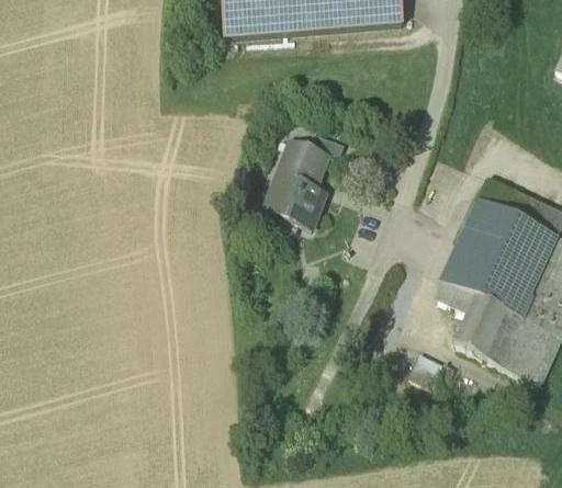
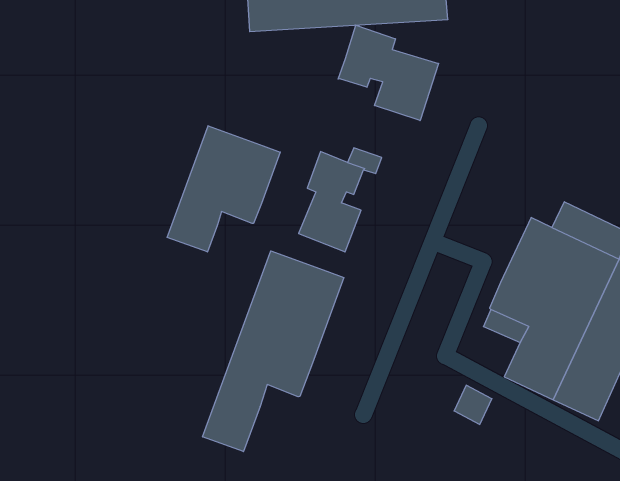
building: none -> [338,25,439,121]
building: none -> [167,126,280,252]
building: none -> [203,251,344,452]

